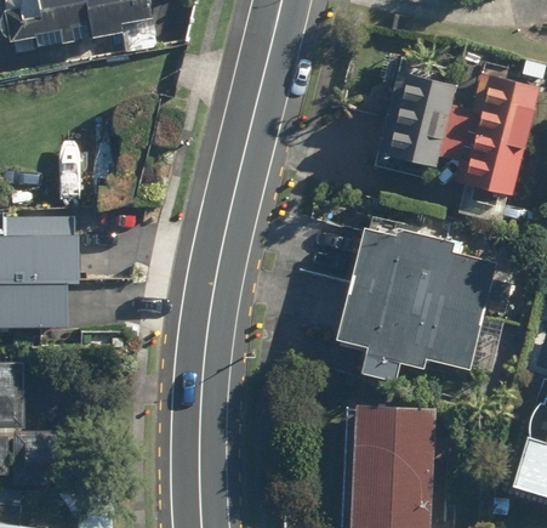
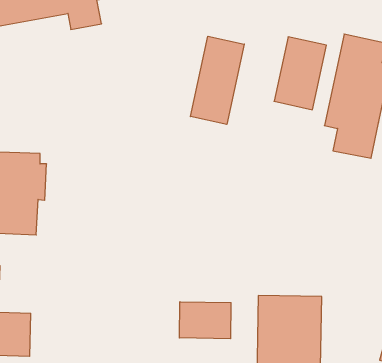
building: none -> [190,36,244,124]
building: [331,227,494,382] -> none
building: none -> [179,302,231,339]

